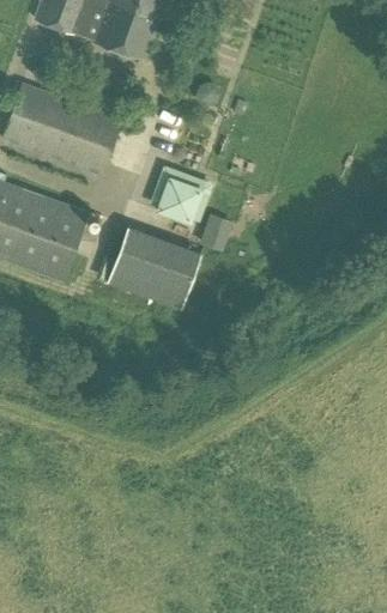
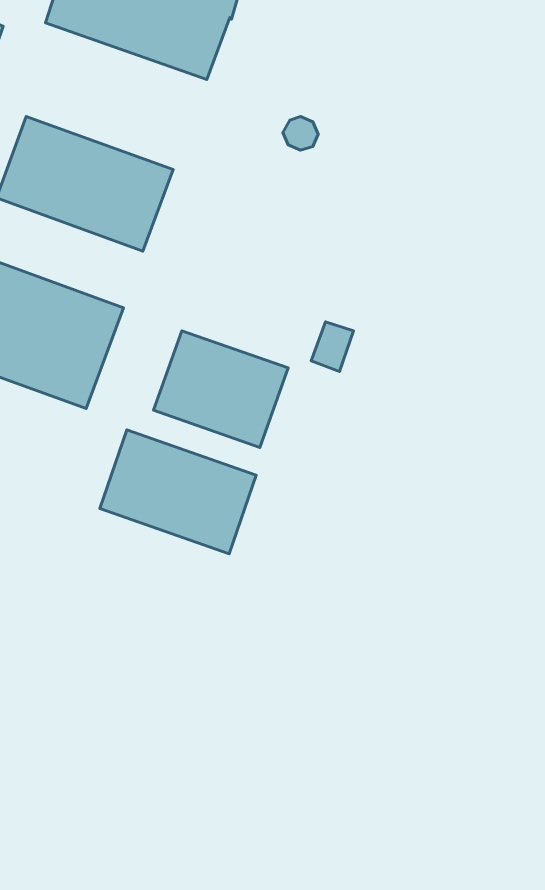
building: [157,180,196,217] -> none
building: none -> [100,430,256,554]

